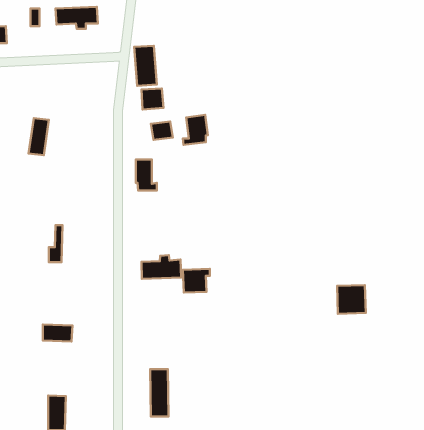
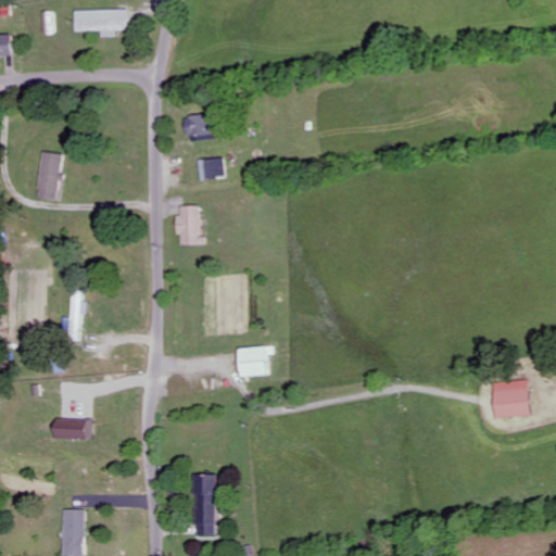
building: [134,46,157,86] -> none
building: [183,115,208,145] -> none
building: [141,255,181,279] -> none
building: [337,285,366,314] -> [491,380,528,417]

